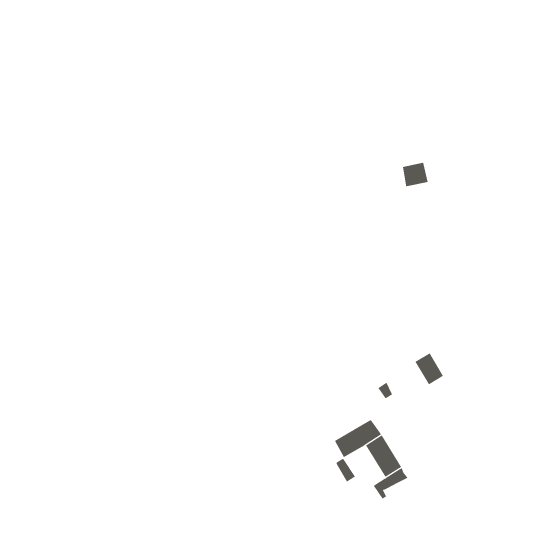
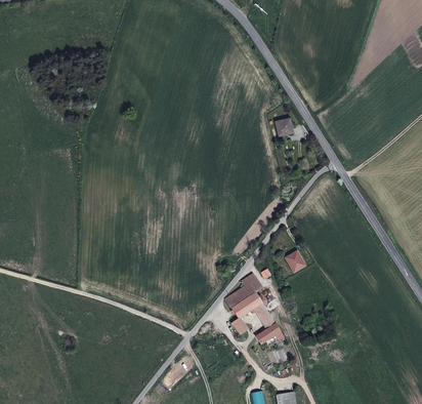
building: none -> [225,271,262,305]

